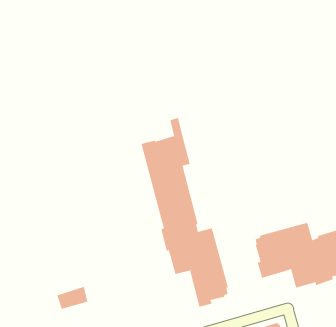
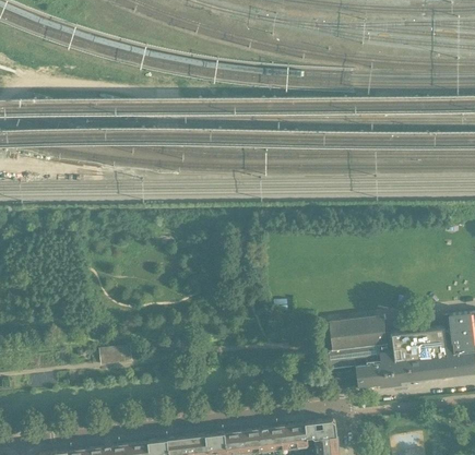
building: [141,117,228,307] -> none

